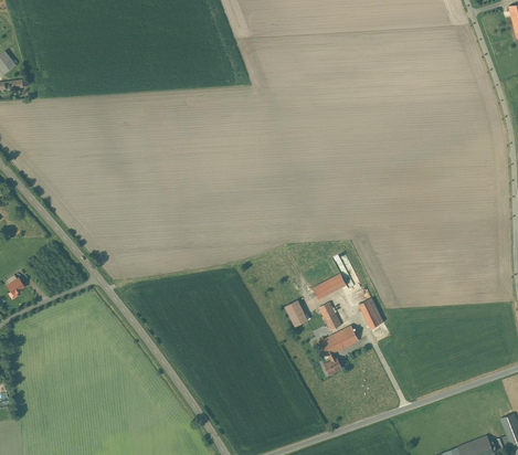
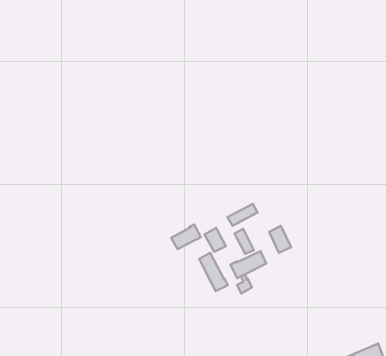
building: none -> [171,224,201,249]
building: none -> [199,253,228,291]

